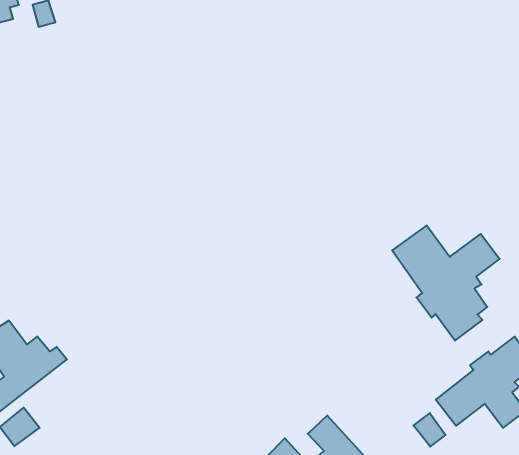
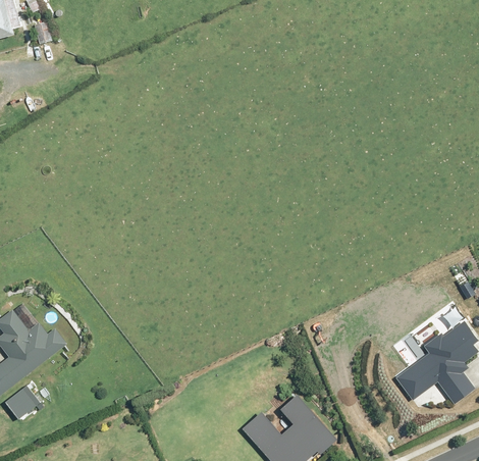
building: [392,225,500,341] -> none
building: [413,413,446,447] -> none

